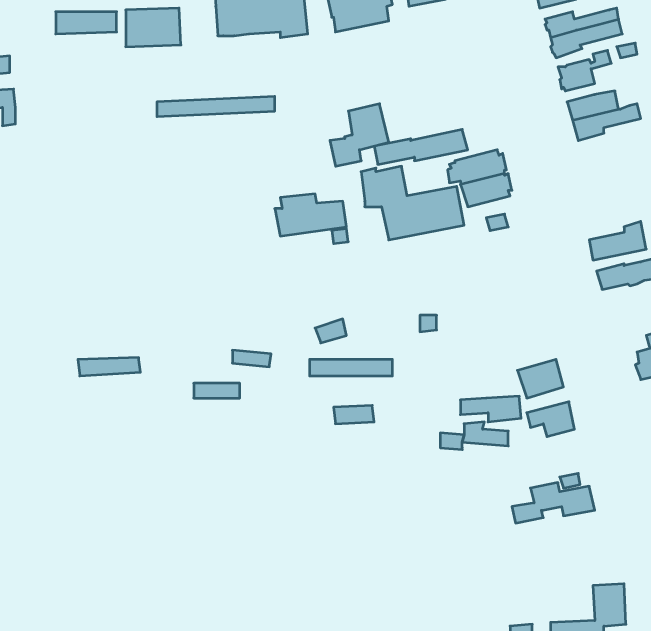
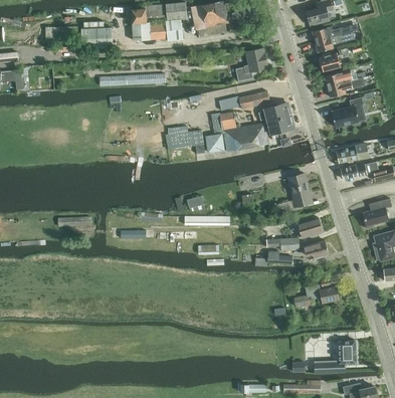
building: [330,104,389,166] -> [235,47,267,81]
building: none -> [331,97,362,129]
building: none -> [275,174,313,210]

